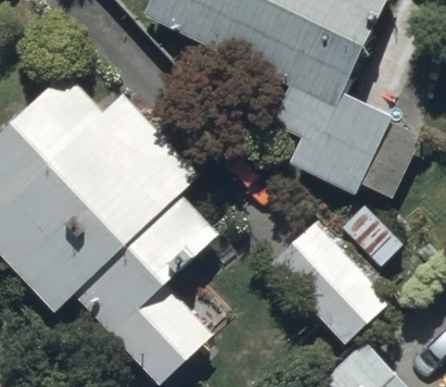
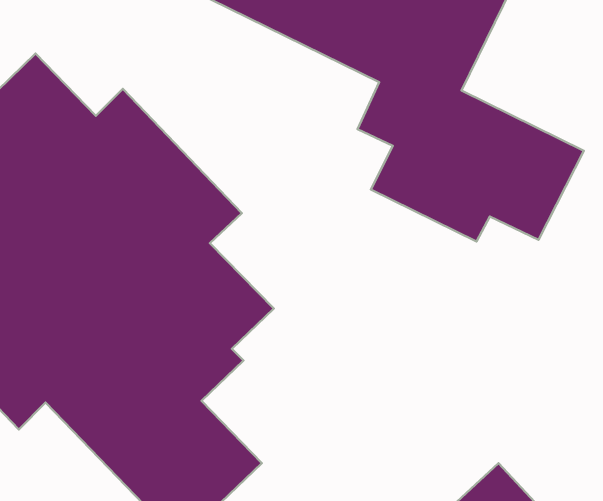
building: [262,214,391,349] -> none

